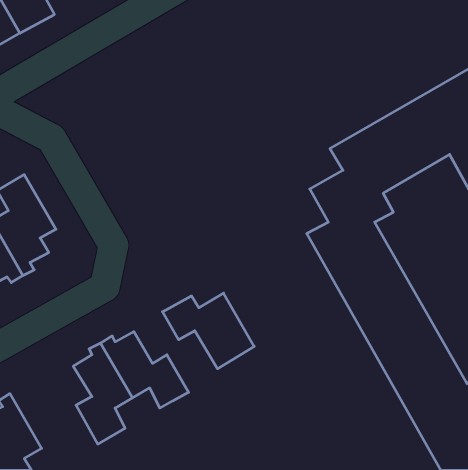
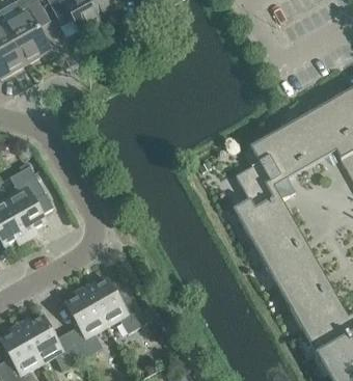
building: [162,293,254,369] -> none
building: none -> [19,316,82,370]

